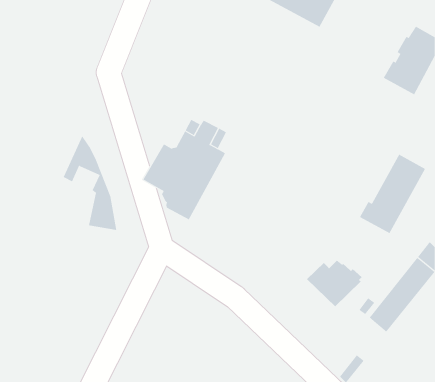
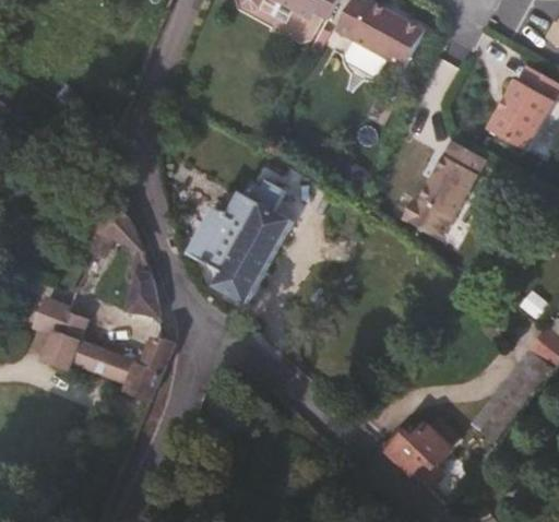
building: [359,154,426,234] -> [403,139,486,238]
building: none -> [31,298,170,402]
building: [306,260,362,307] -> [380,424,450,483]

